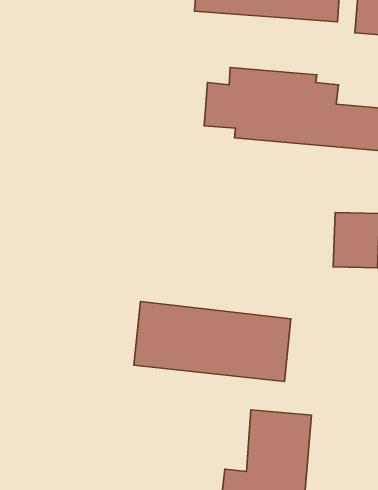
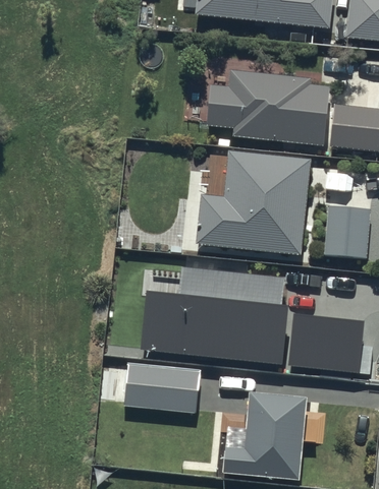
building: none -> [195,150,311,253]
building: none -> [286,312,363,372]
building: none -> [124,362,199,411]

